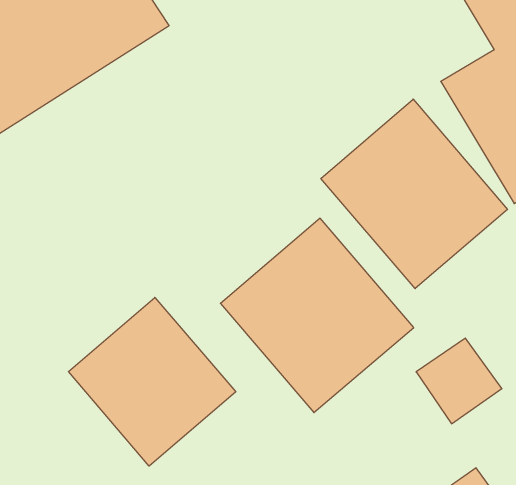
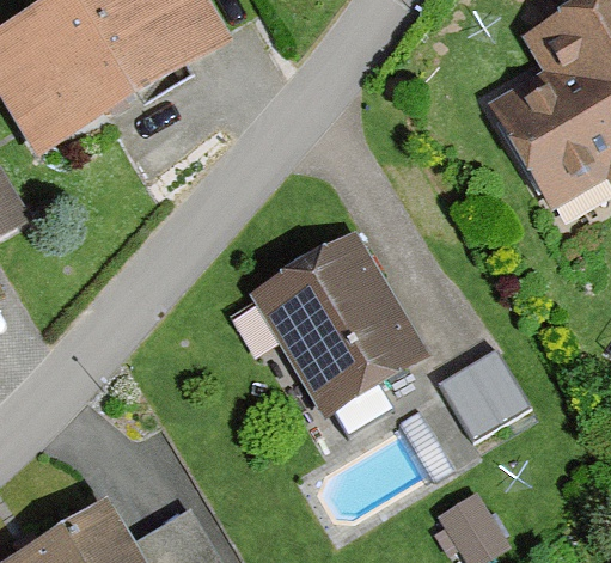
building: [321,99,507,289] -> none
building: [68,297,236,466] -> none

